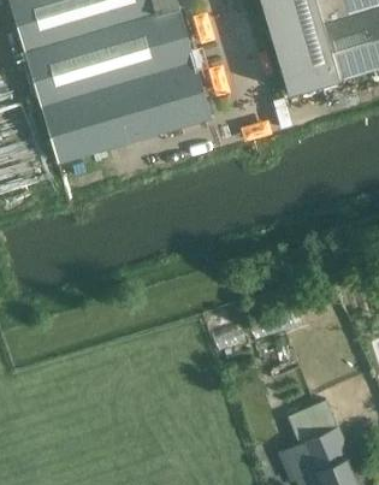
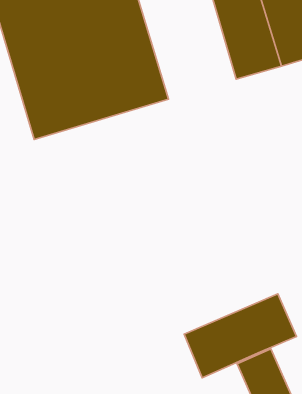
building: none -> [184,294,296,378]

